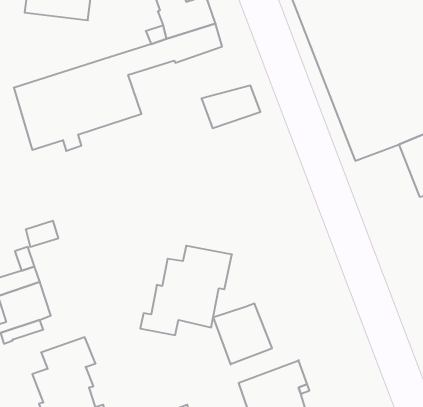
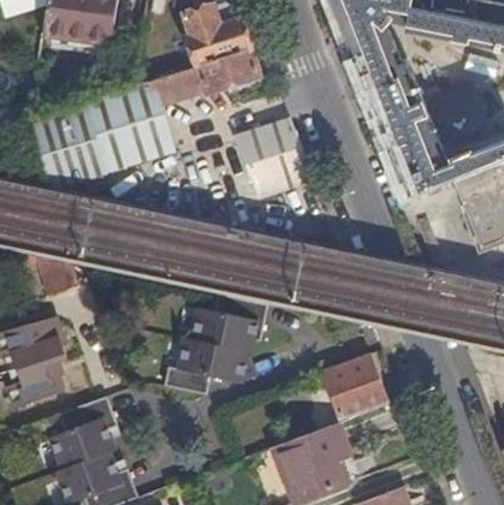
building: none -> [248,147,315,198]
building: [213,304,272,365] -> [322,355,387,422]

